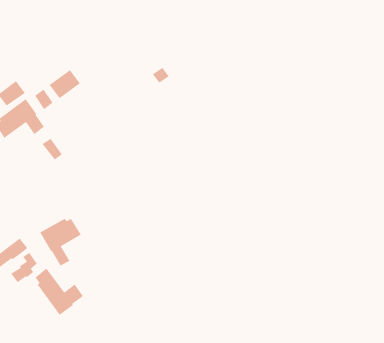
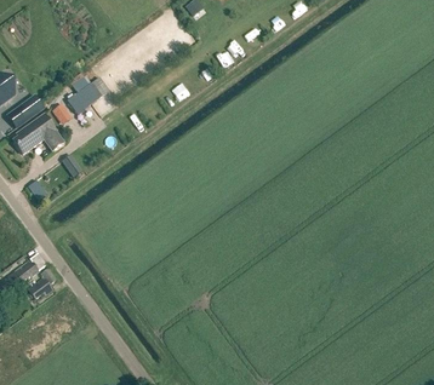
building: [39,218,82,266] -> none
building: [34,268,84,316] -> none

